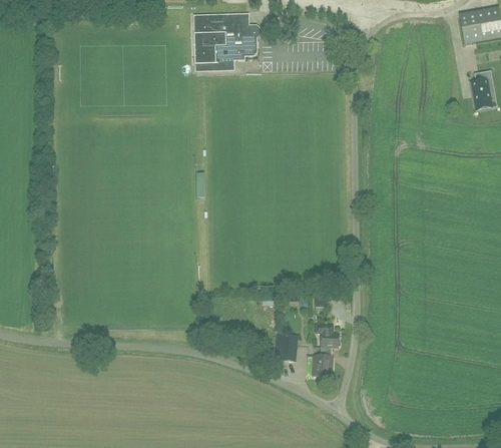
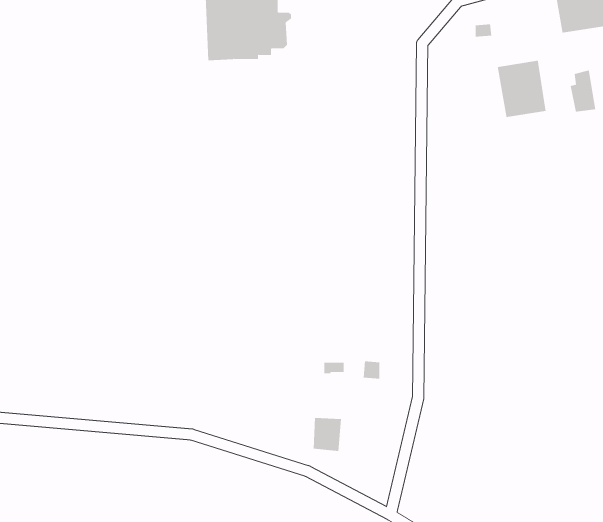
building: none -> [497,60,546,118]
building: [313,324,339,376] -> none

